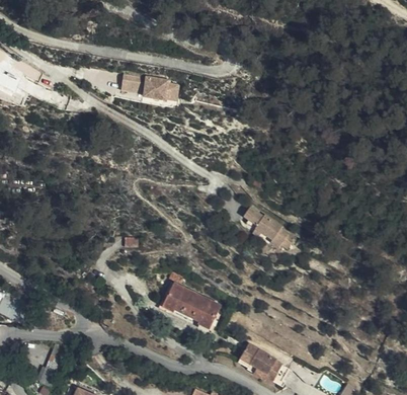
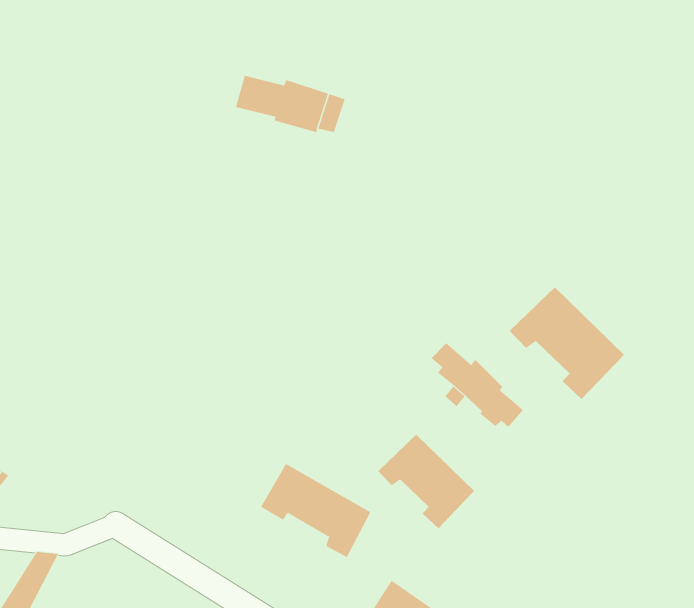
building: none -> [509,287,625,400]
building: none -> [377,434,475,529]

